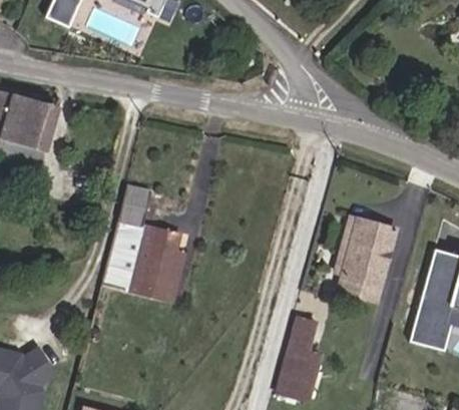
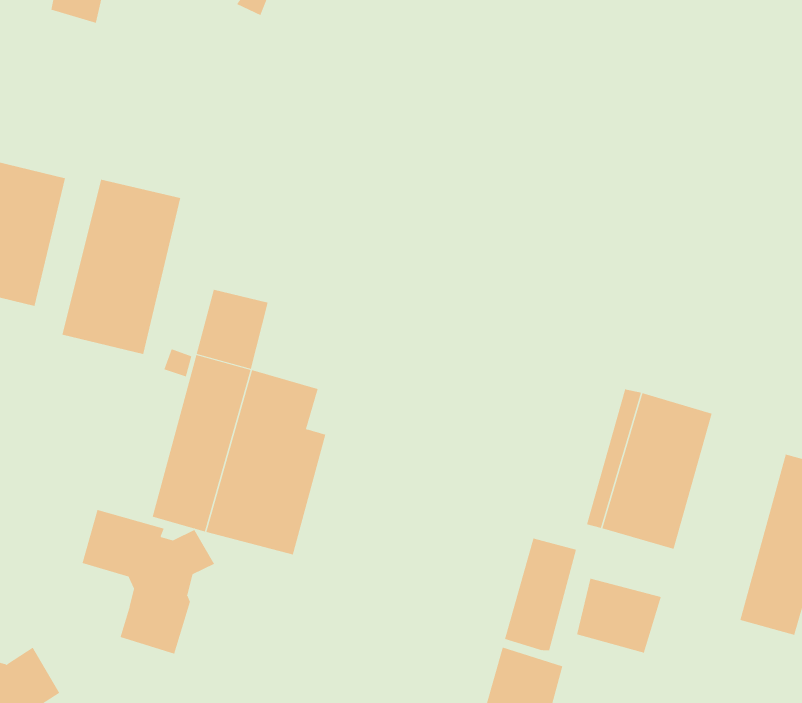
building: none -> [62,179,181,355]
building: none -> [82,509,215,654]
building: none -> [576,578,661,654]

